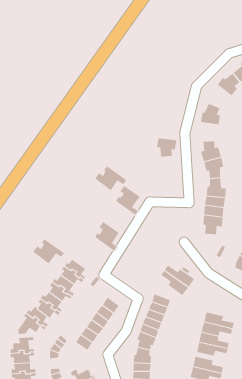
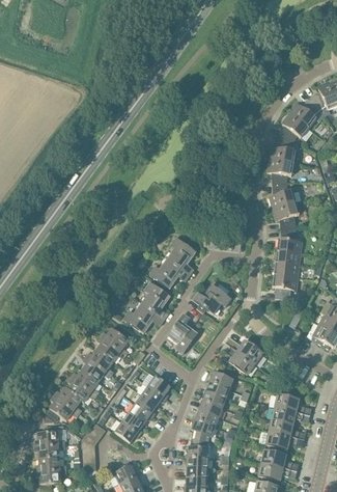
building: none -> [280,112,309,141]
building: [156,138,177,157] -> [268,159,293,183]
building: [94,166,127,191] -> [149,256,190,288]
building: none -> [192,282,232,313]
building: [32,239,65,264] -> [123,301,164,332]
building: none -> [168,312,198,353]

